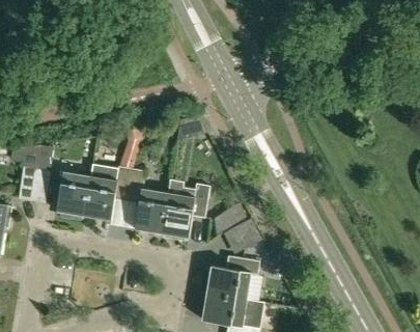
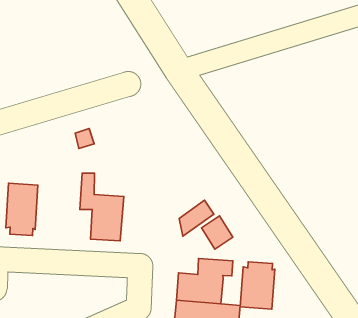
building: [82,162,130,220] -> none
building: [159,185,207,241] -> none
building: none -> [240,262,275,309]

